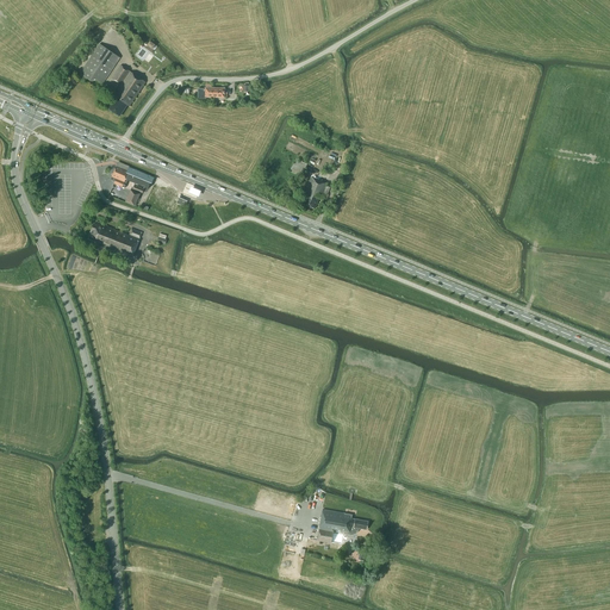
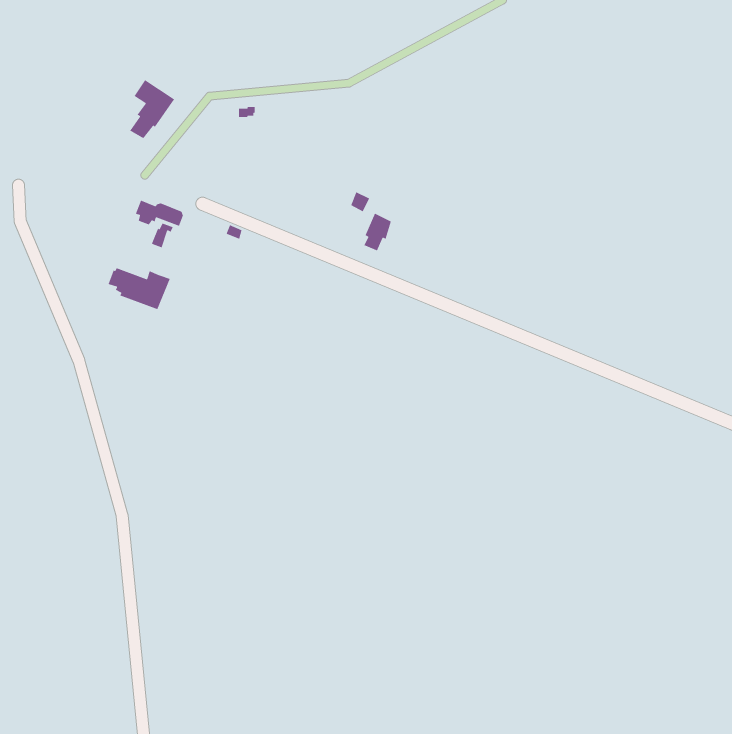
building: [81,44,122,87] -> none
building: [318,509,368,542] -> none

